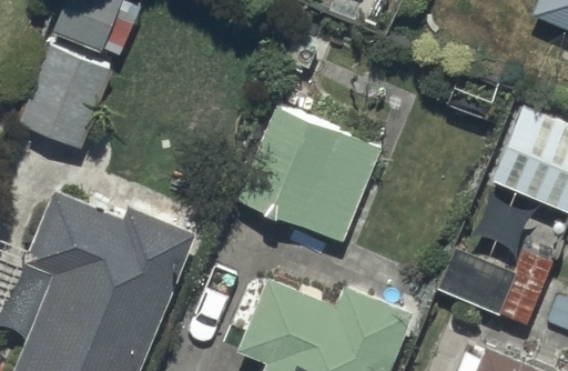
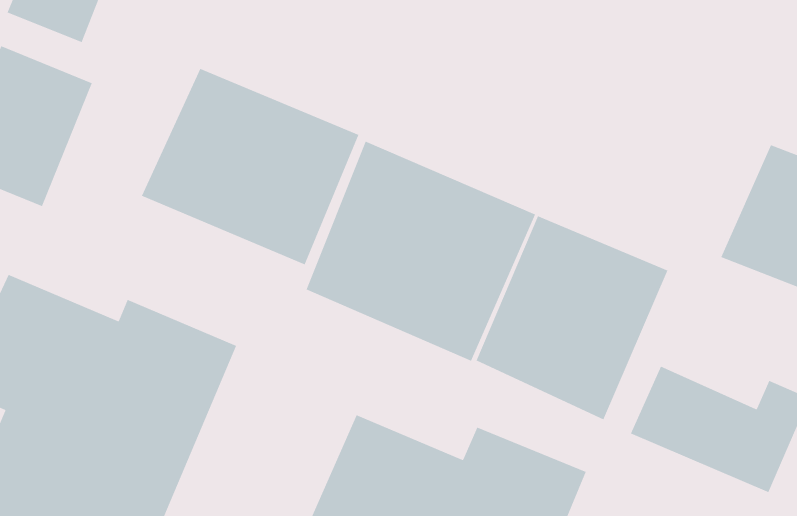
building: none -> [141,68,359,265]
building: none -> [475,215,668,420]

